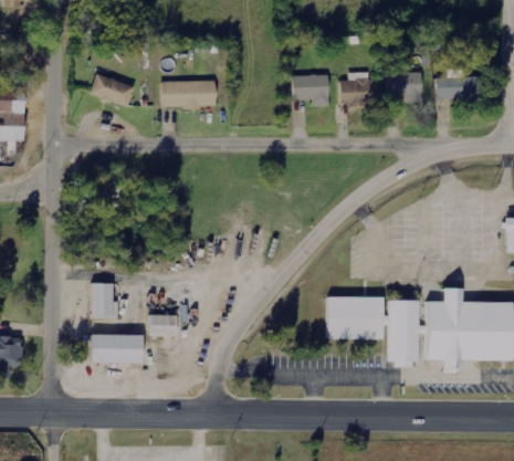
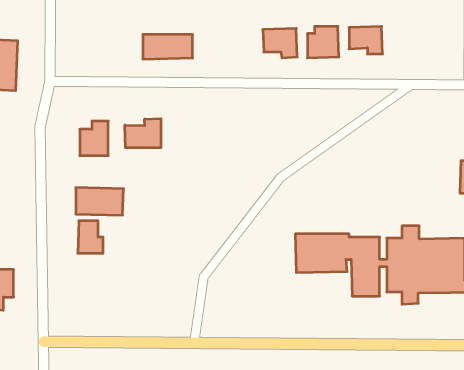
building: [90,74,134,106] -> none
building: [437,76,481,99] -> none
building: none -> [125,119,161,148]
building: [149,314,177,336] -> none
building: [91,334,143,364] -> [76,188,124,215]

